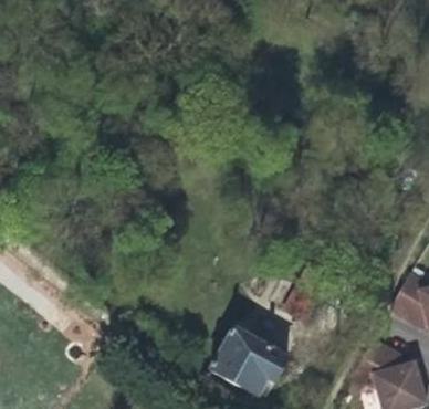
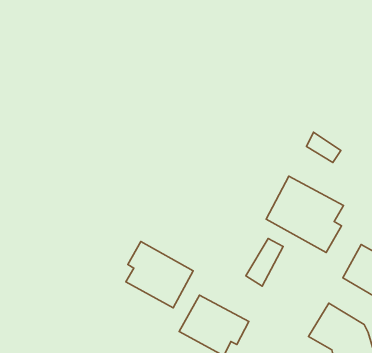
building: none -> [266,176,344,253]
building: none -> [126,241,193,308]

